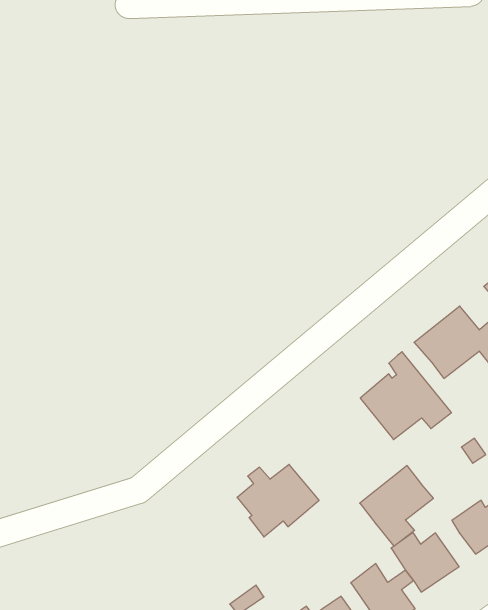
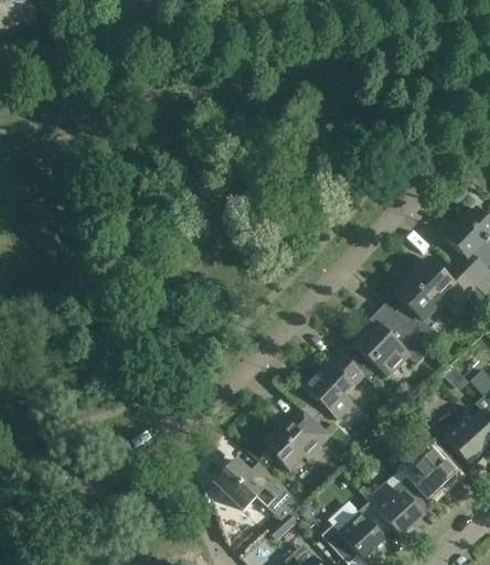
building: [360,466,433,546] -> [305,350,365,418]
building: none -> [215,458,286,508]

